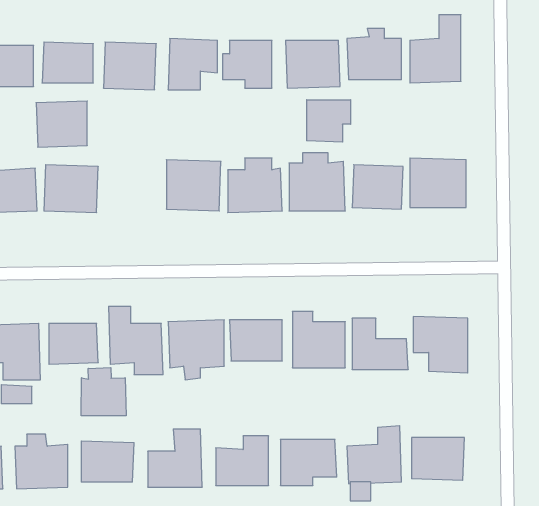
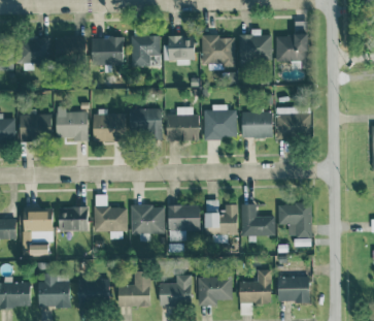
building: [307,100,351,142] -> none
building: [36,101,87,147] -> [92,115,123,142]
building: [81,368,126,416] -> none

